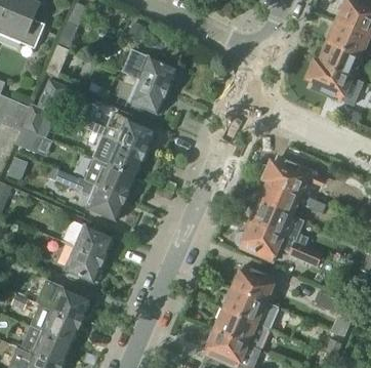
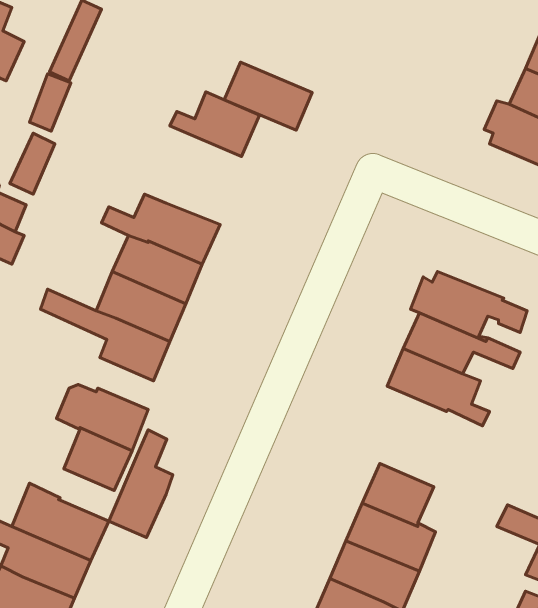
building: [117,74,167,113] -> [224,62,312,130]
building: [235,222,323,267] -> none
building: none -> [109,430,173,537]

